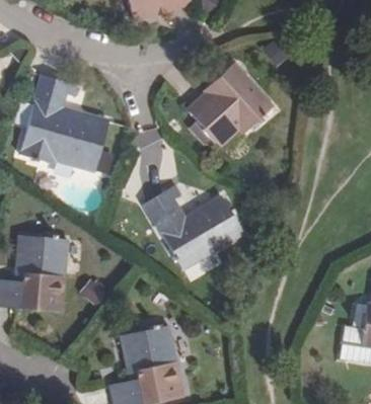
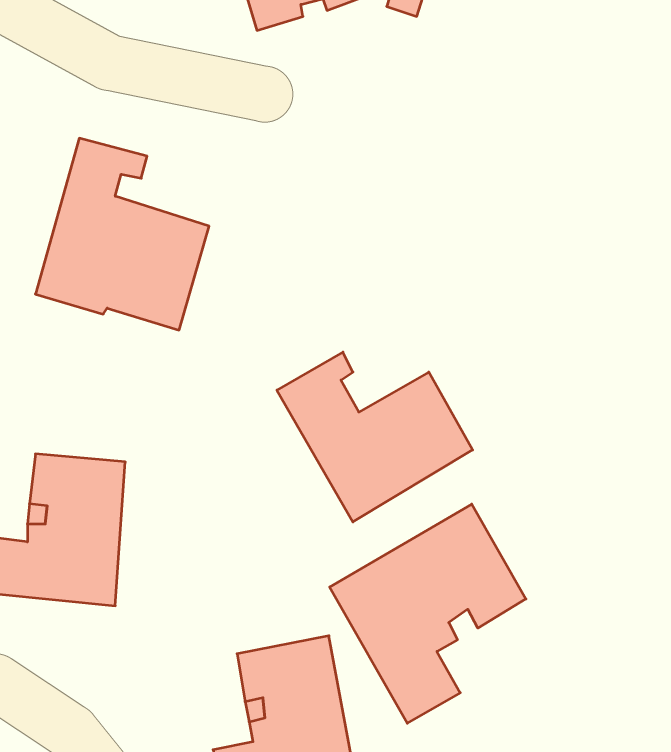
building: [189,62,273,147] -> none
building: none -> [330,504,526,723]

